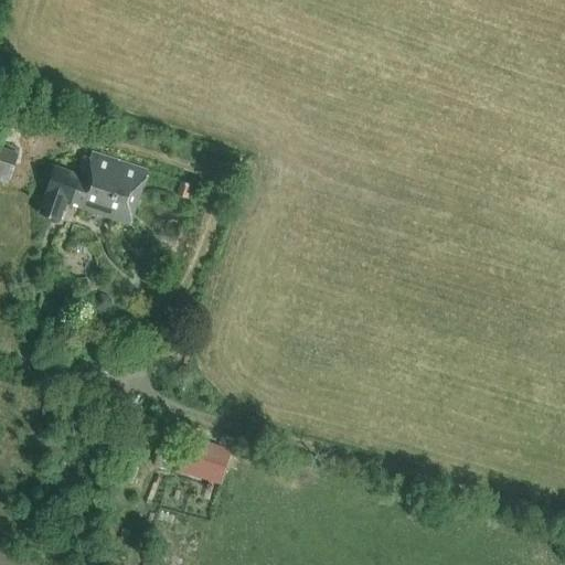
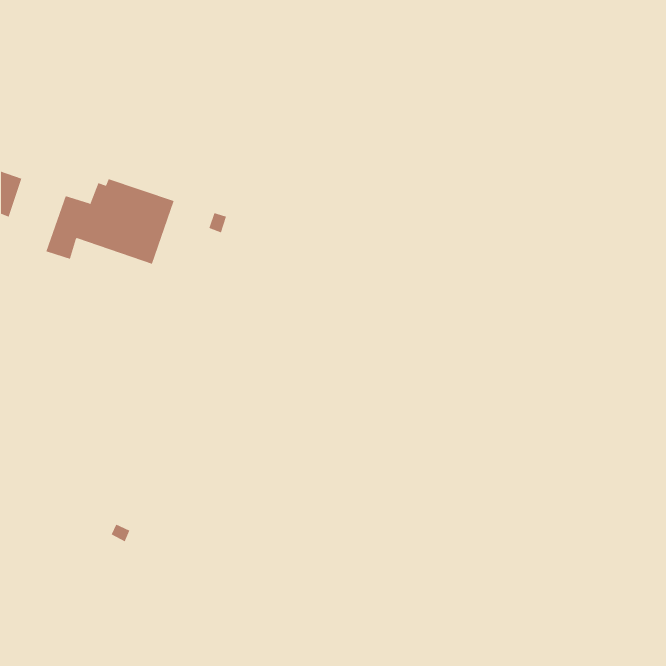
building: [185,437,228,477] -> none

